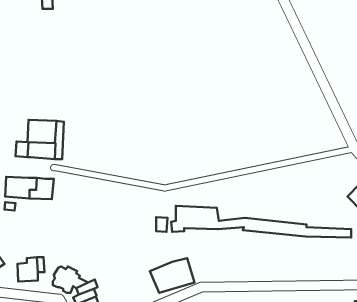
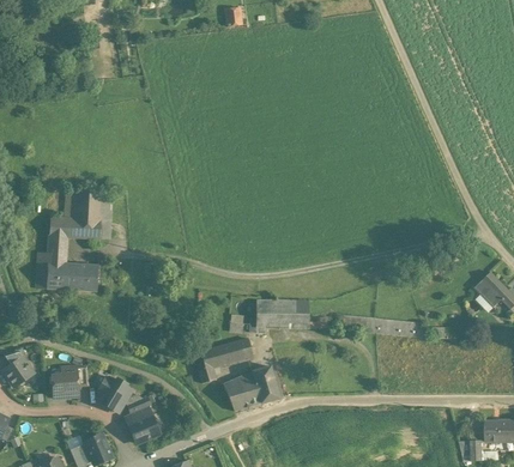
building: none -> [37,236,68,263]
building: none -> [196,338,253,383]

